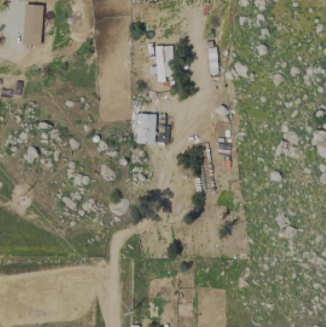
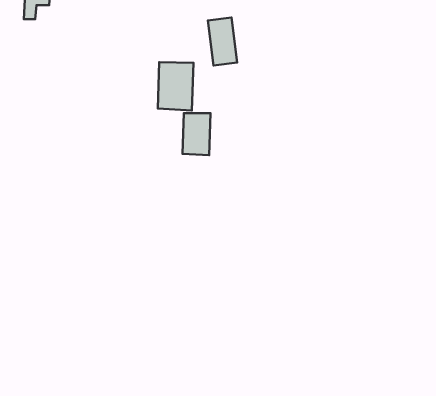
building: none -> [158,62,193,111]

